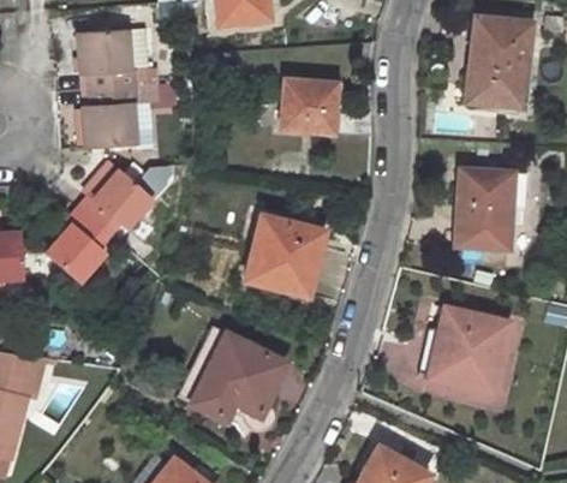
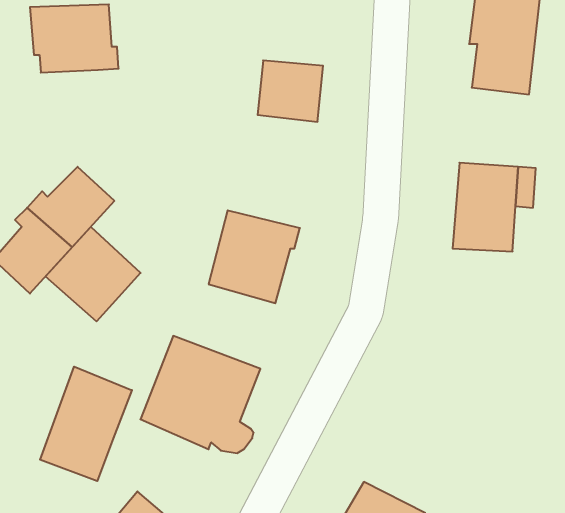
building: [85,88,142,148] -> none
building: none -> [46,227,141,321]
building: [425,310,505,392] -> none
building: none -> [40,367,132,481]

